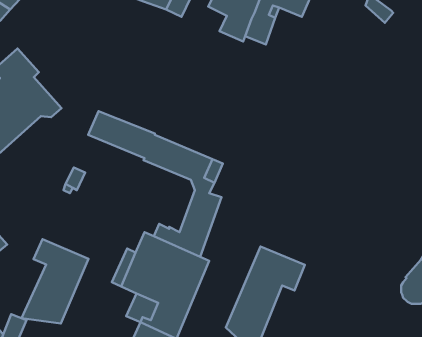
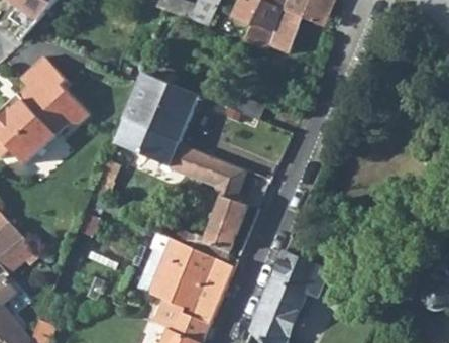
building: none -> [124,73,204,141]
building: [21,239,88,324] -> none

